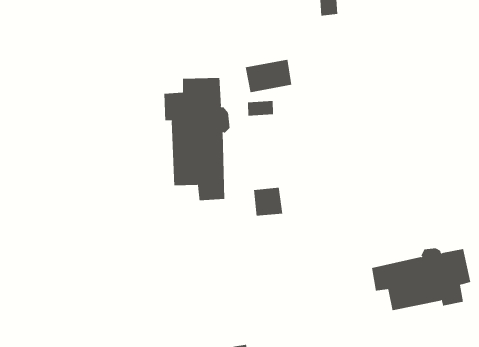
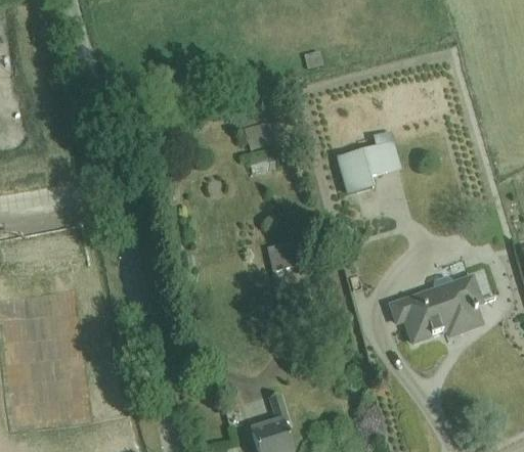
building: [164,77,230,201] -> none
building: none -> [336,130,402,195]

